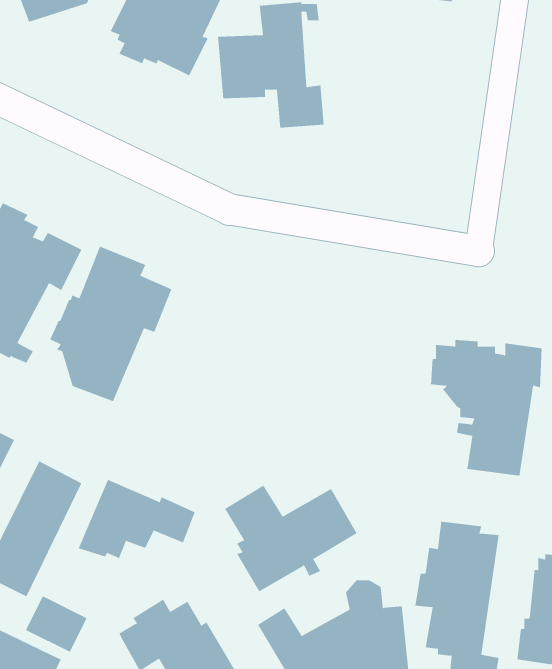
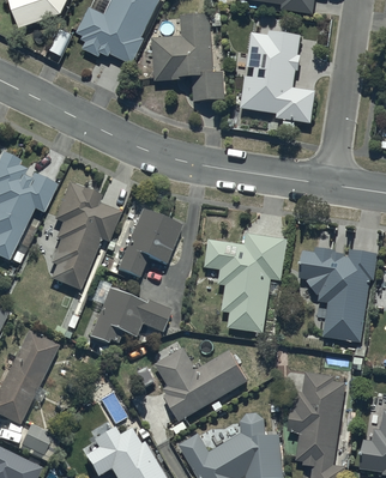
building: none -> [240,29,316,122]
building: none -> [117,195,181,276]
building: none -> [205,231,288,332]
building: [78,479,196,559] -> [89,288,170,343]

